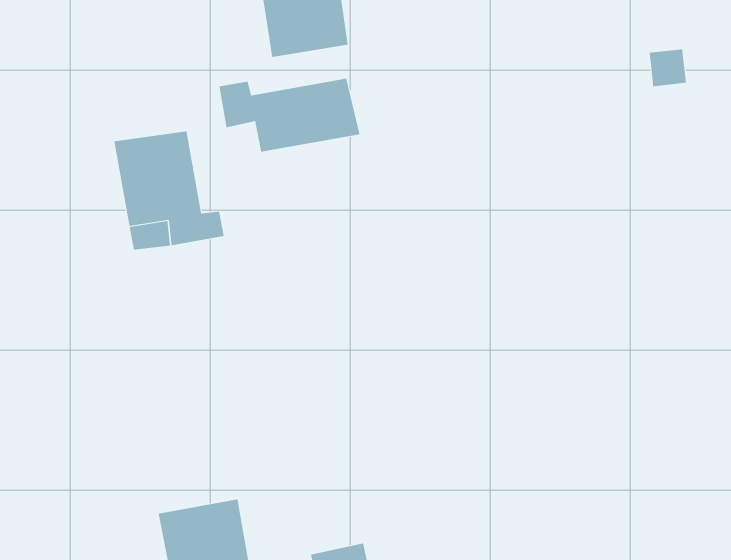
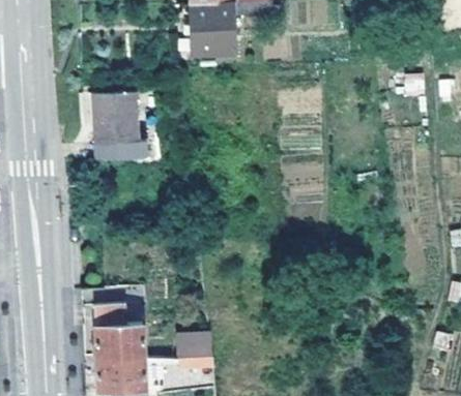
building: [219,78,360,152] -> none

